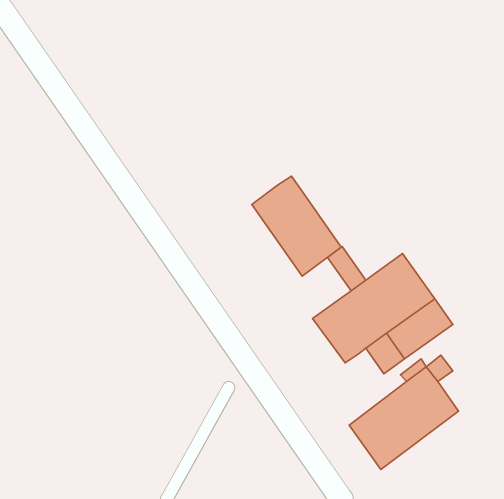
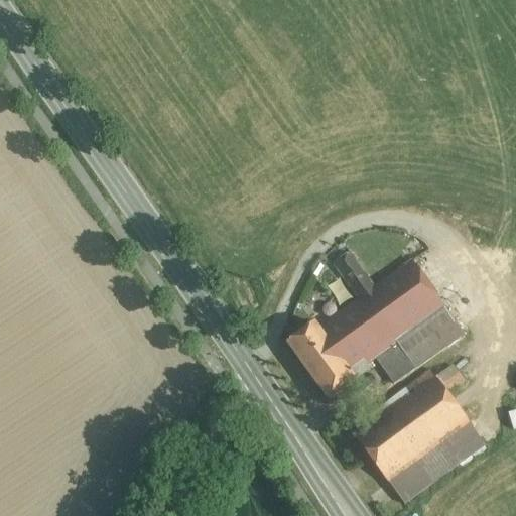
building: [252,176,341,276] -> none
building: none -> [288,320,370,396]
building: none -> [389,420,485,502]

